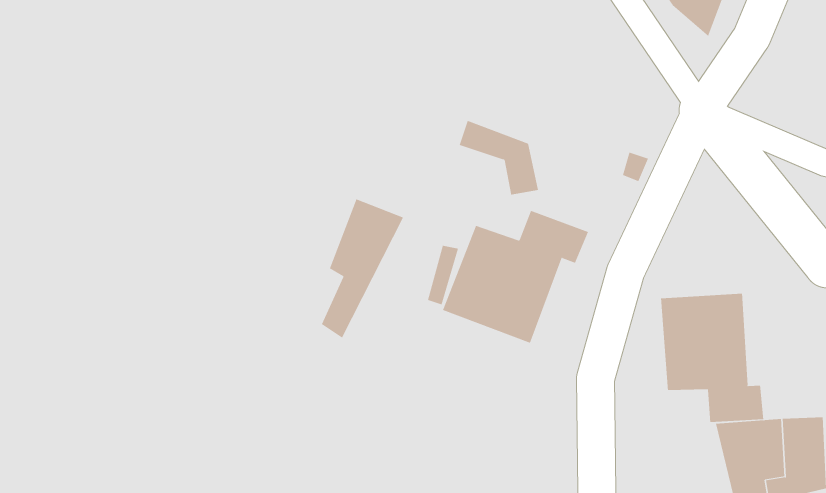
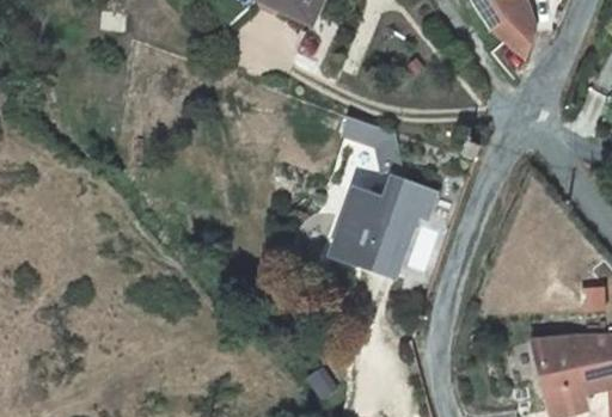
building: [321,198,404,339] -> none
building: [661,293,764,423] -> none

